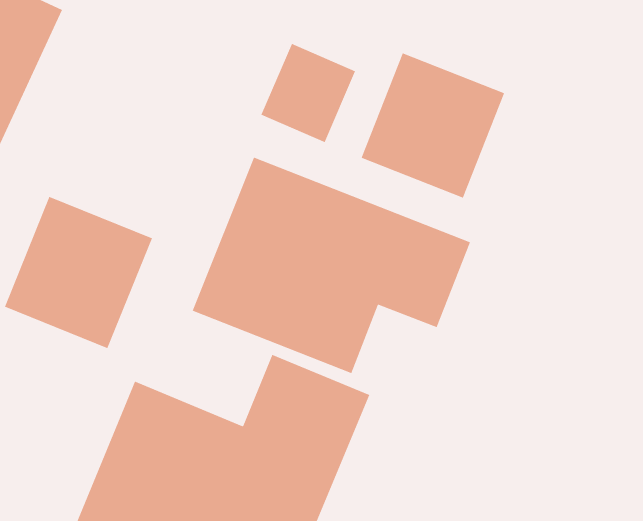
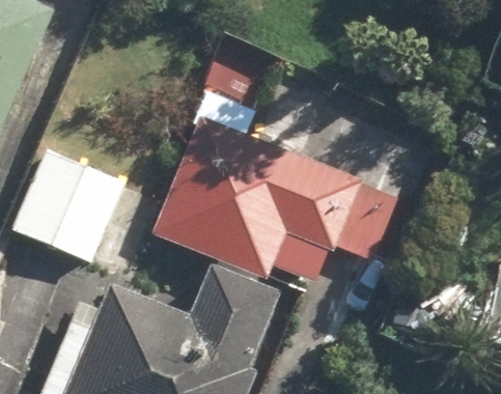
building: [361,53,505,199] -> none

